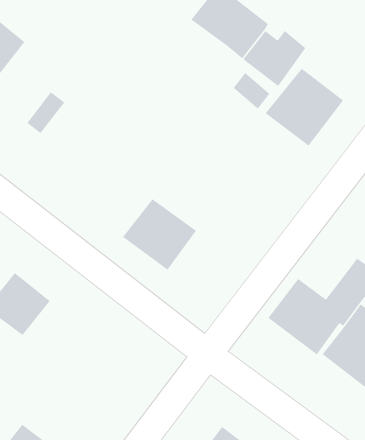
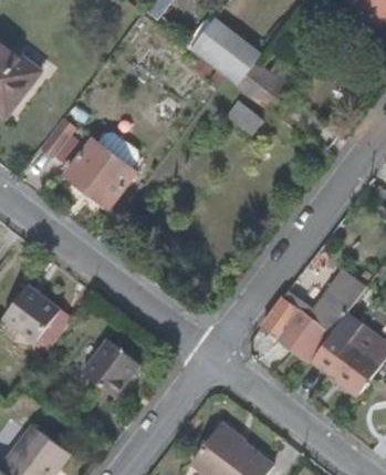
building: [265,68,344,147] -> none
building: [122,198,197,271] -> [66,140,135,206]
building: none -> [87,338,142,392]

